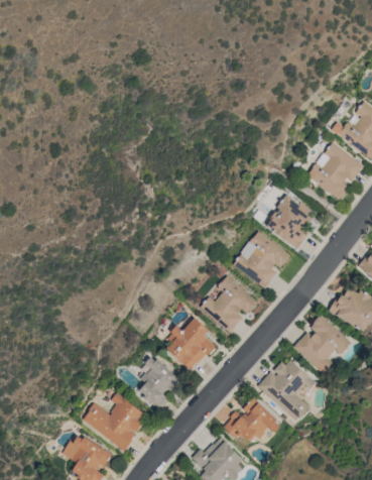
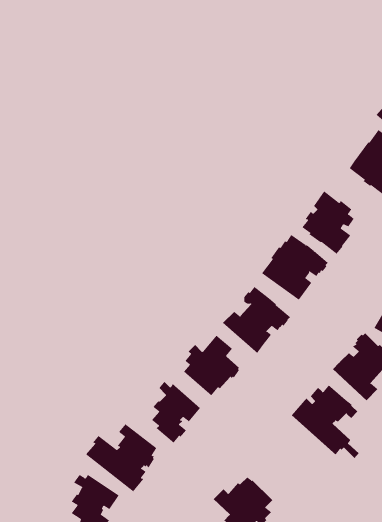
building: [224,397,279,442] -> none

